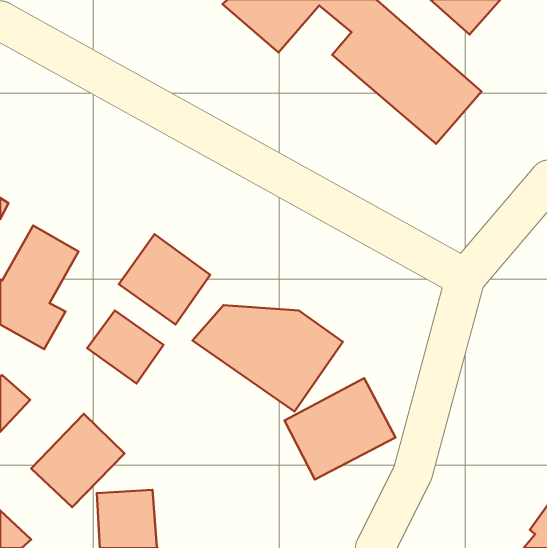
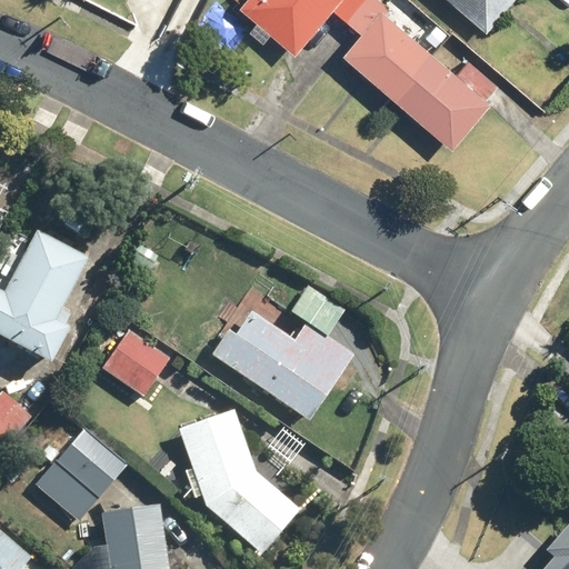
building: [119,234,210,325] -> none
building: [285,378,395,479] -> none
building: none -> [179,419,277,542]

